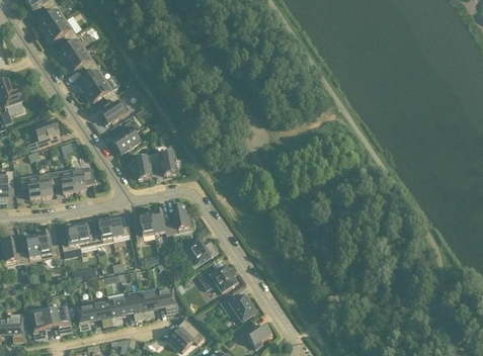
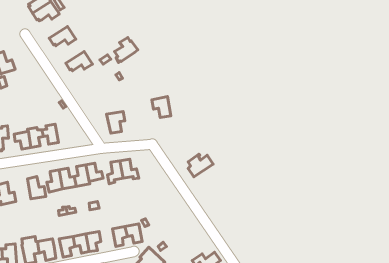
building: [59,34,86,64] -> none
building: [79,65,106,94] -> none
building: [100,95,129,125] -> [114,37,138,62]
building: [34,118,60,148] -> none
building: [112,118,140,153] -> none
building: [154,149,177,174] -> [152,97,171,117]
building: [71,167,95,190] -> none
building: [170,205,192,234] -> none
building: [21,235,42,262] -> none
building: [186,240,217,267] -> [188,154,213,177]
building: [197,266,236,292] -> none
building: [125,289,145,319] -> none
building: [221,295,255,322] -> none

